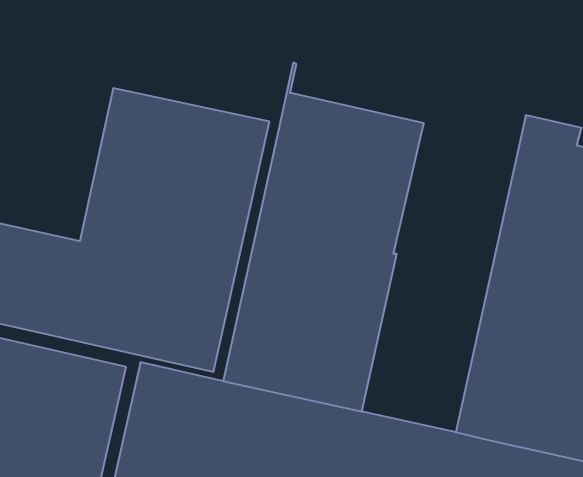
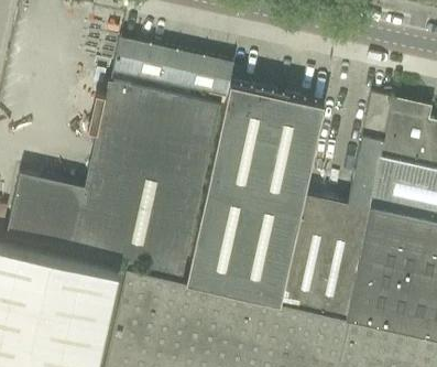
building: none -> [112,40,232,99]
building: none -> [280,96,393,320]

